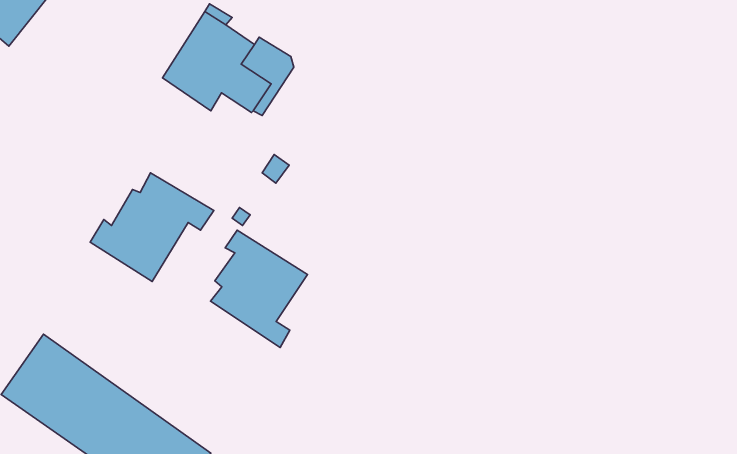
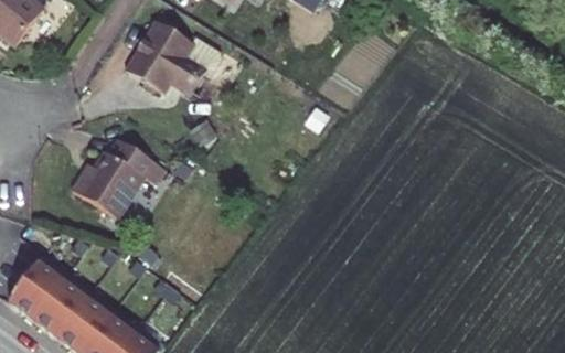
building: [211,230,307,347] -> none

